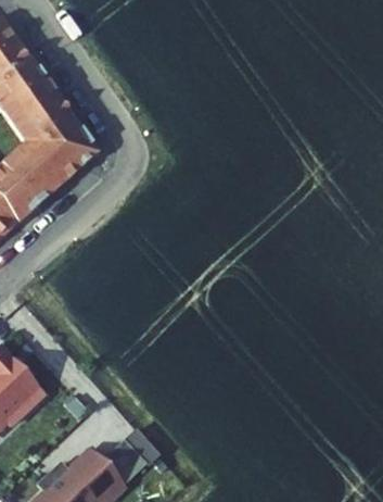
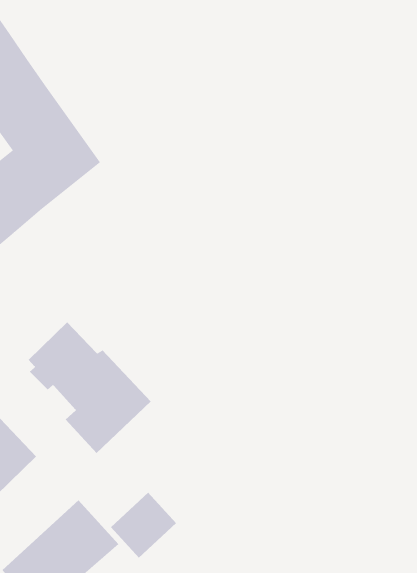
building: none -> [28,322,152,454]

